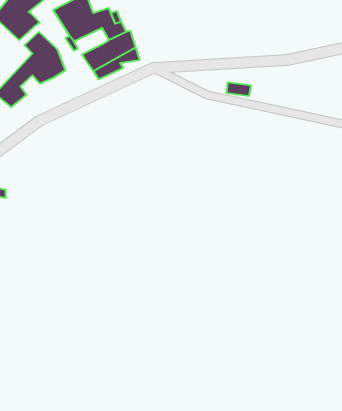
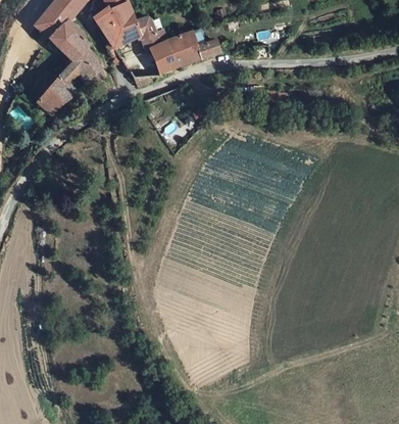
building: none -> [169,31,220,65]

